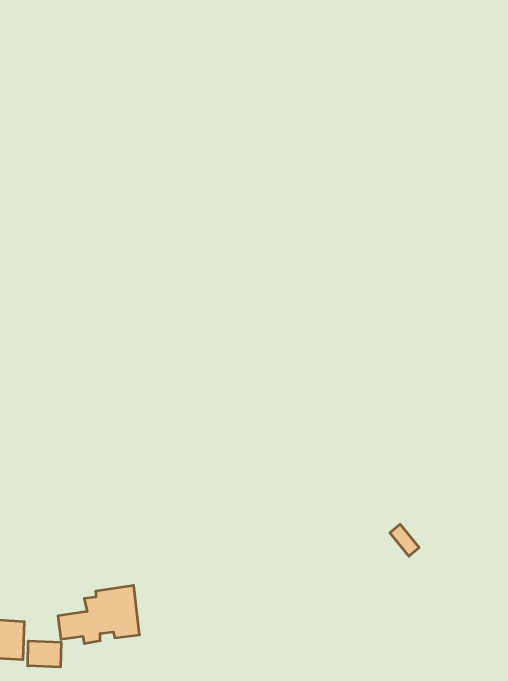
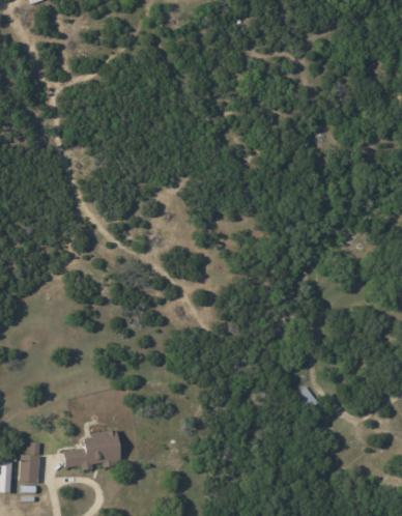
building: [28,641,61,667] -> none

